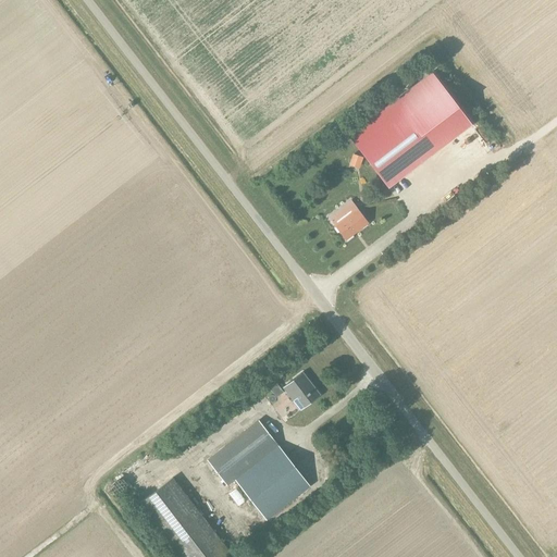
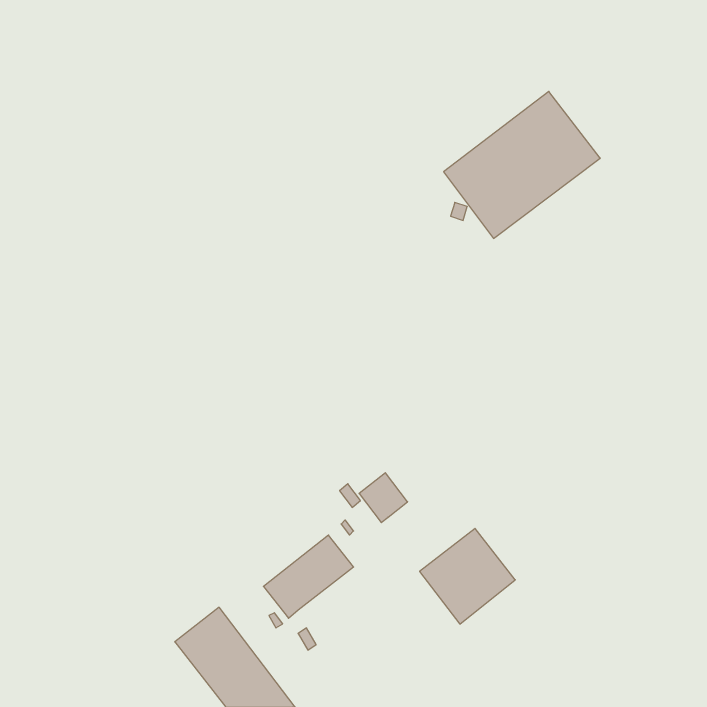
building: [330,202,367,240] -> none
building: [235,445,310,520] -> [420,528,515,624]

